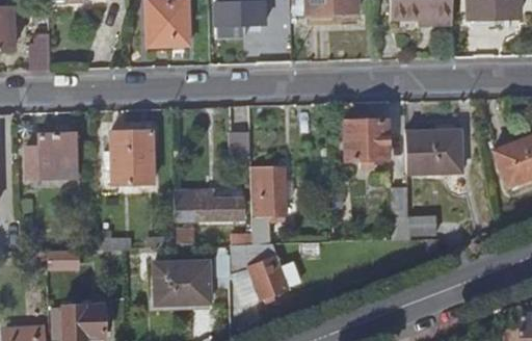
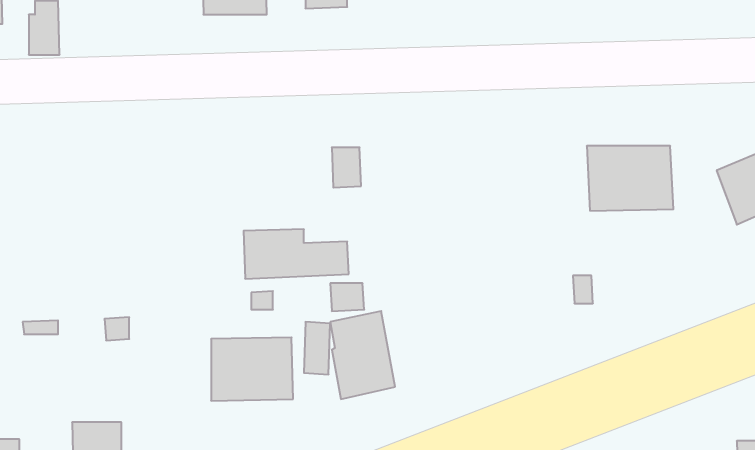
building: [350,123,394,161] -> none
building: [110,131,154,184] -> none
building: [26,134,78,178] -> none
building: [254,164,287,213] -> none

